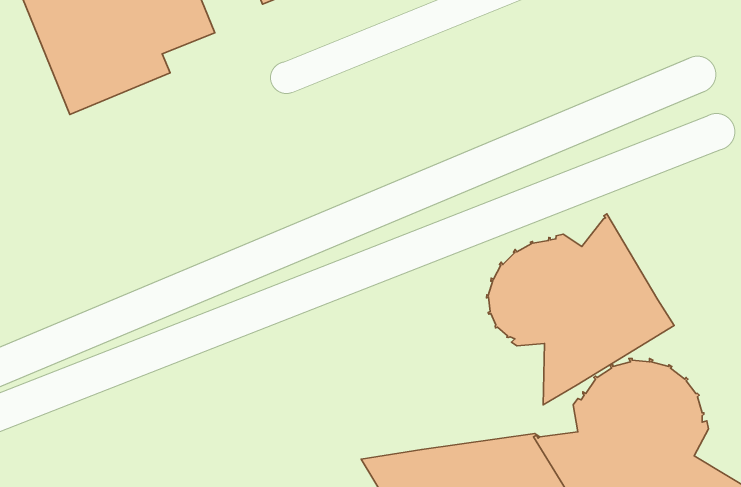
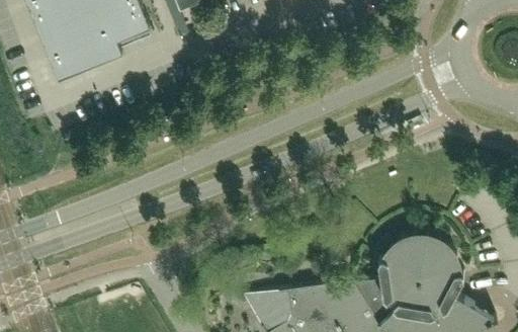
building: [487,214,674,405] -> none

